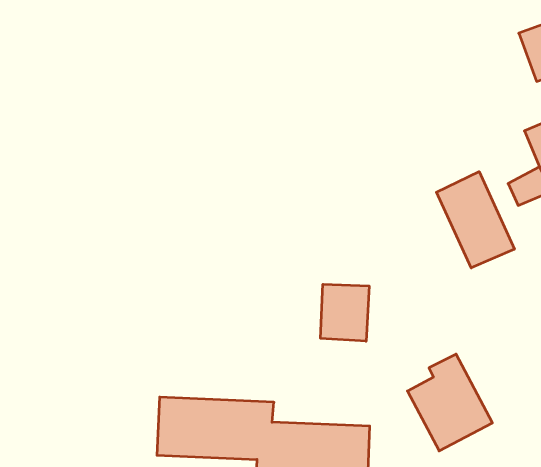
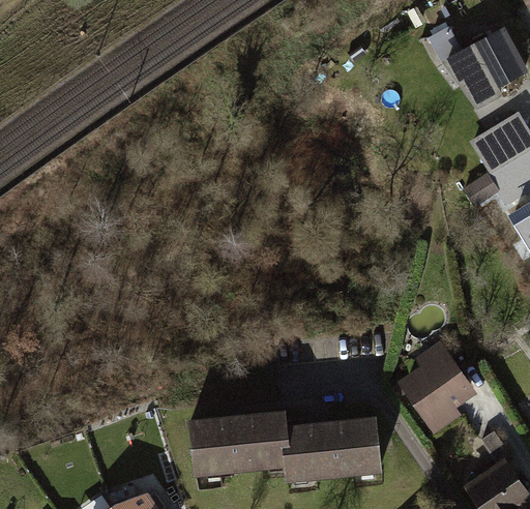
building: [436,172,514,268] -> none
building: [321,284,369,341] -> none

